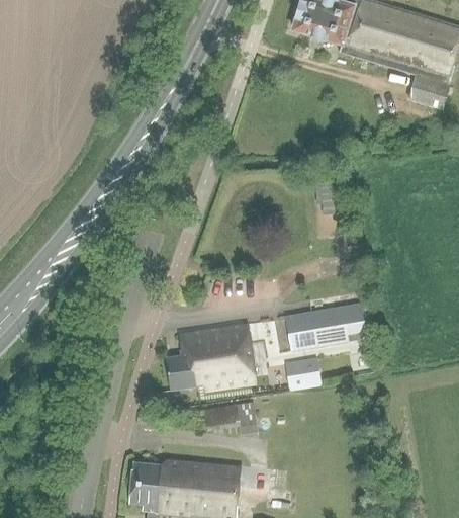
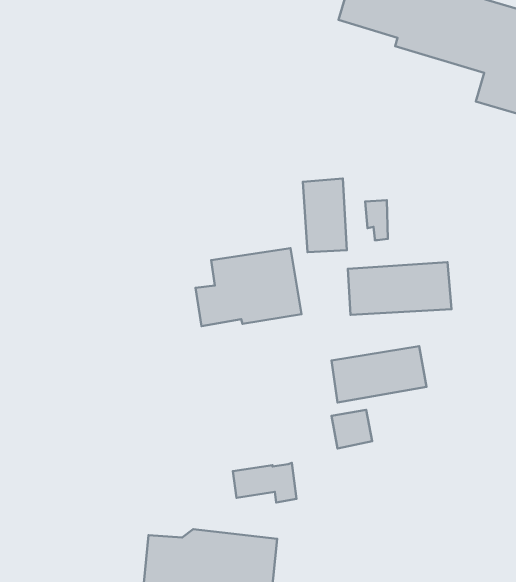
building: none -> [303,179,347,252]
building: none -> [348,262,452,315]
building: [166,324,255,390] -> [196,248,301,326]

